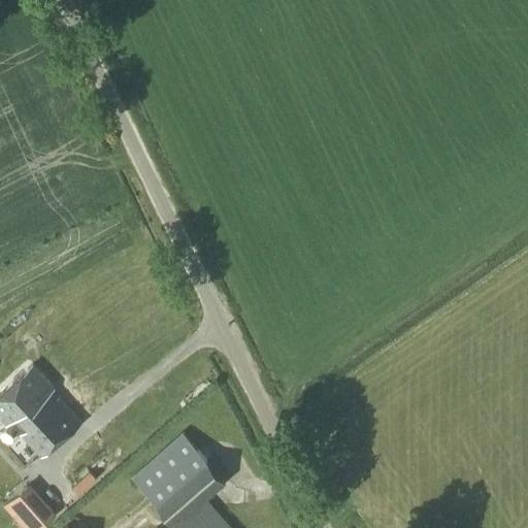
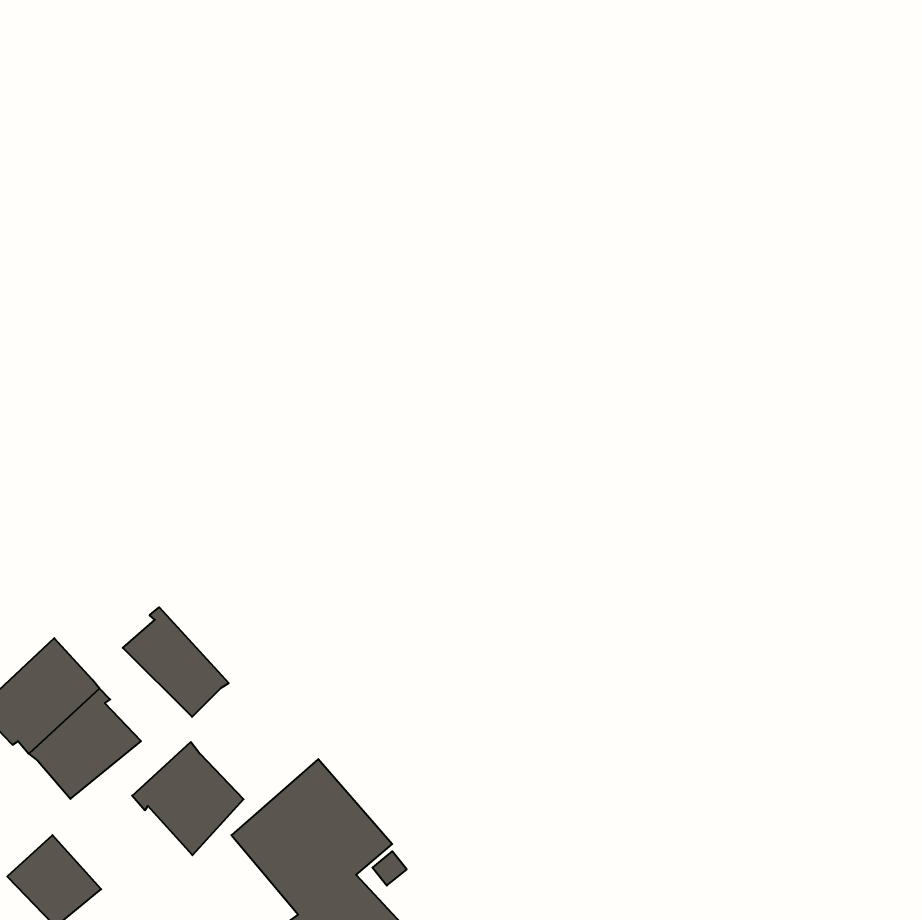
building: none -> [123,607,229,717]
building: none -> [132,742,244,855]

